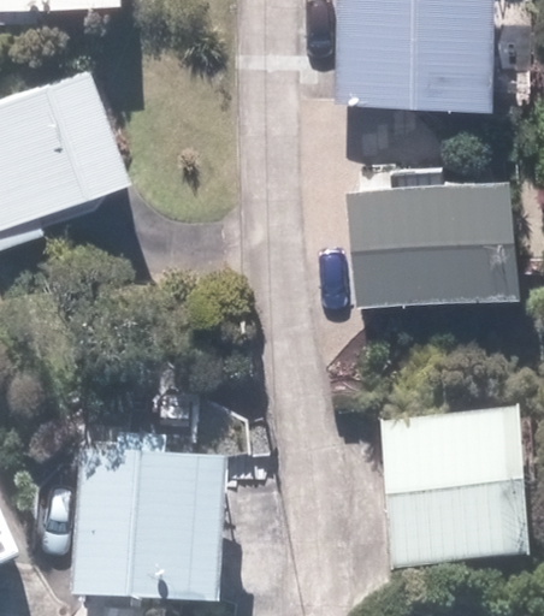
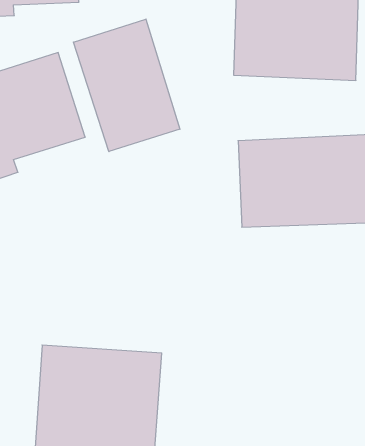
building: none -> [73,19,180,152]
building: [353,411,503,561] -> none

